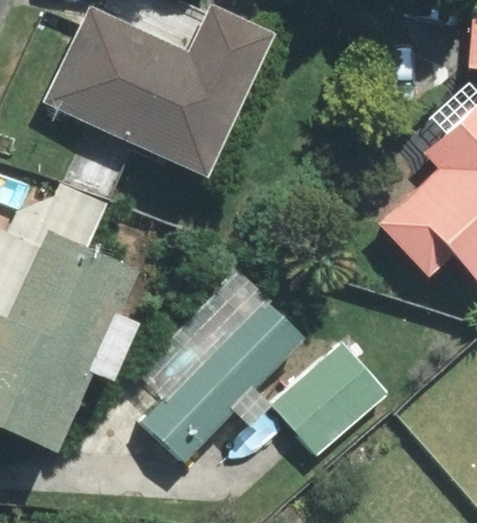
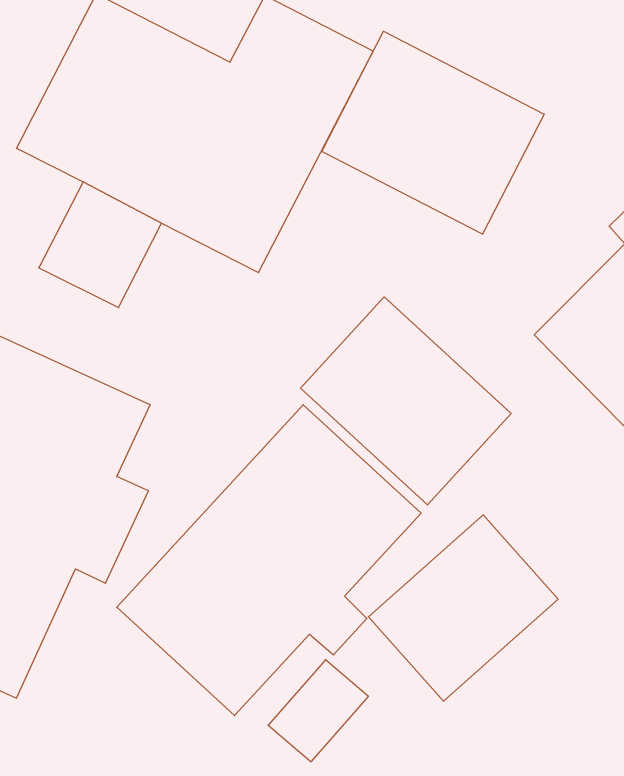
building: none -> [322,31,544,234]
building: none -> [301,297,511,505]

